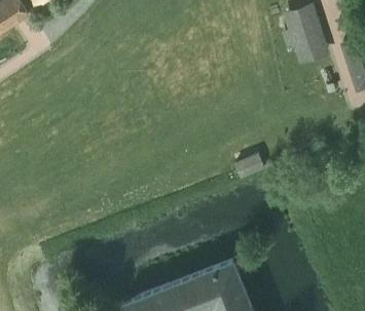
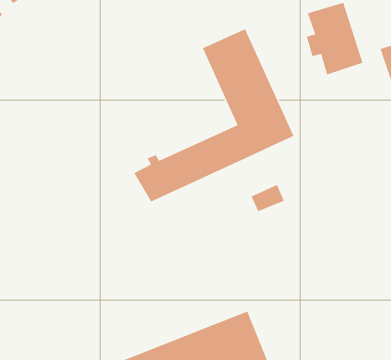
building: none -> [133,28,294,203]

